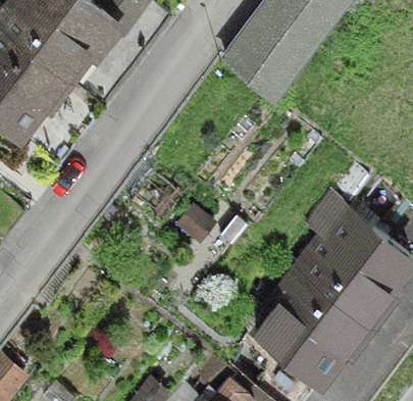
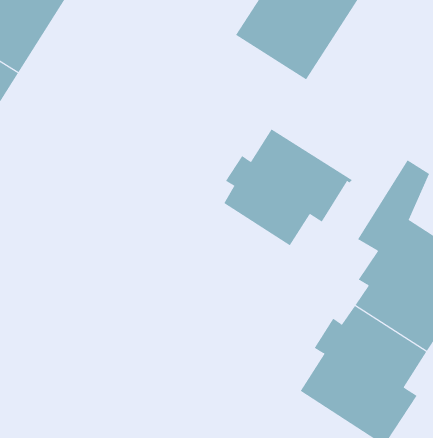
building: none -> [224,128,353,246]

